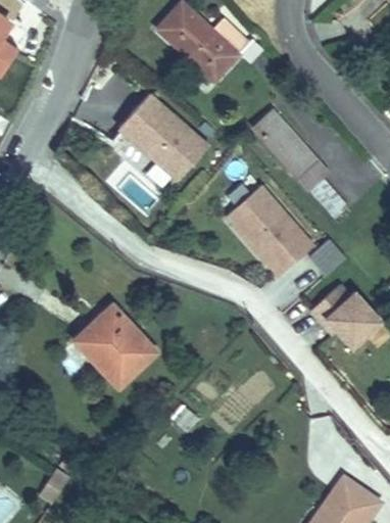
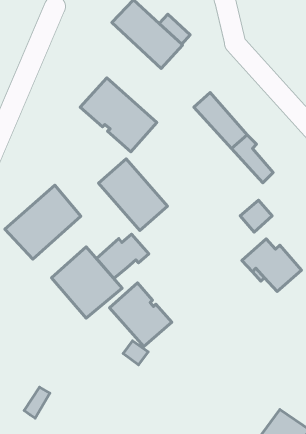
building: [228,188,309,273] -> [99,159,168,230]
building: none -> [5,185,81,259]
building: none -> [96,234,149,278]
building: none -> [109,283,172,347]

